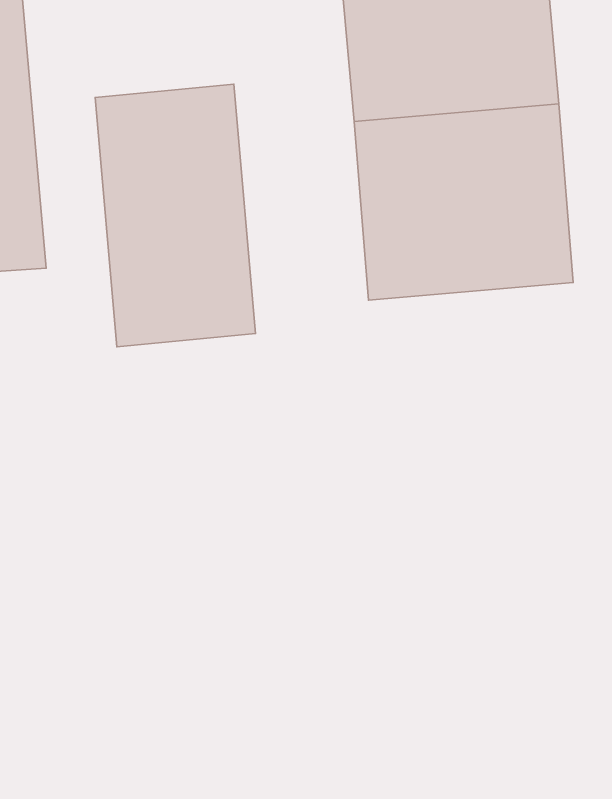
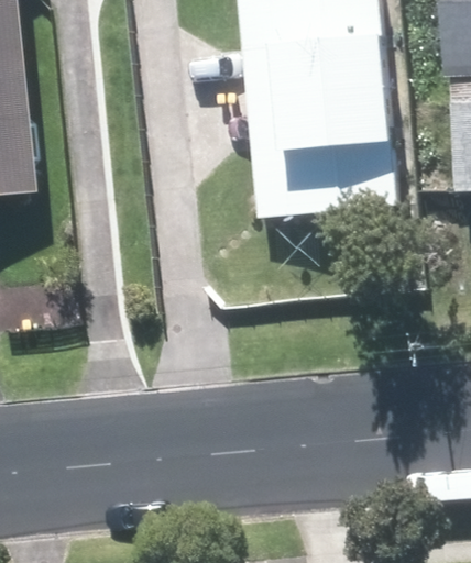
building: [95,84,255,347] -> none

